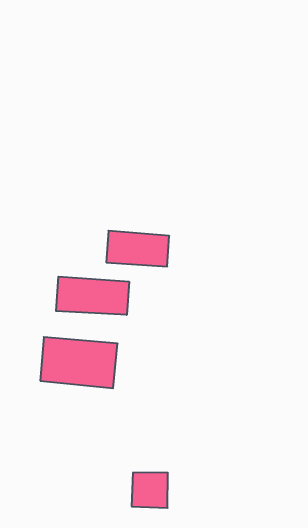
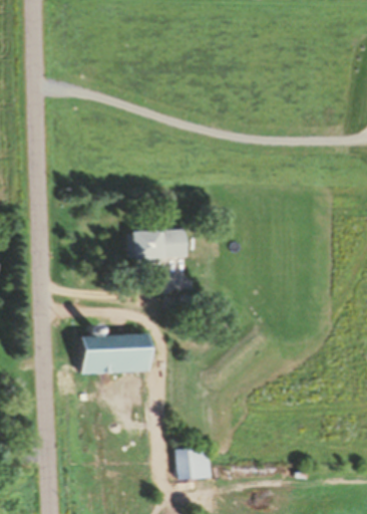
building: [56,277,129,315] -> none

